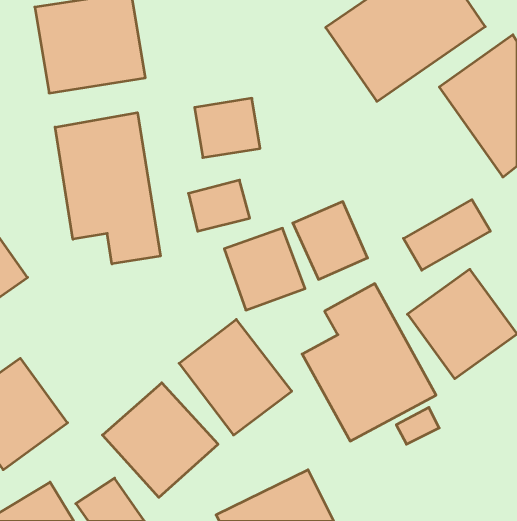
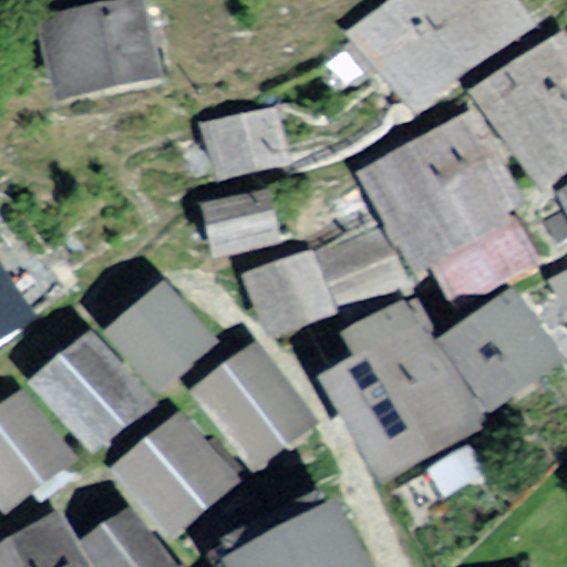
building: none -> [364,112,515,260]
building: [55,113,160,264] -> none
building: none -> [106,284,215,393]
building: none -> [32,330,145,445]

